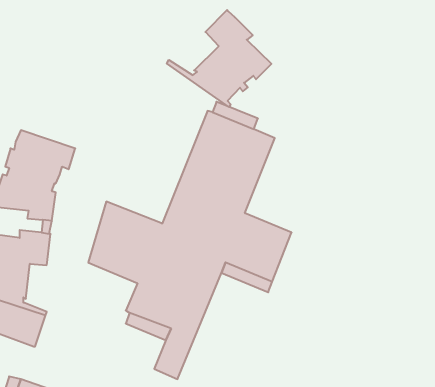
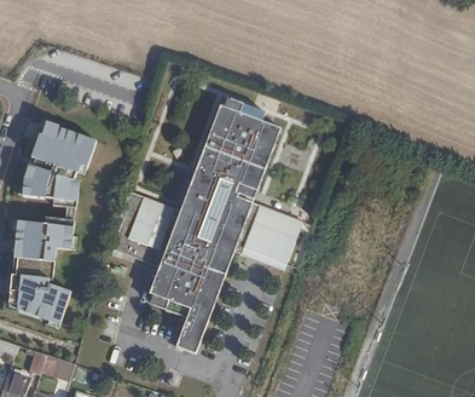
building: [167,10,271,107] -> none

